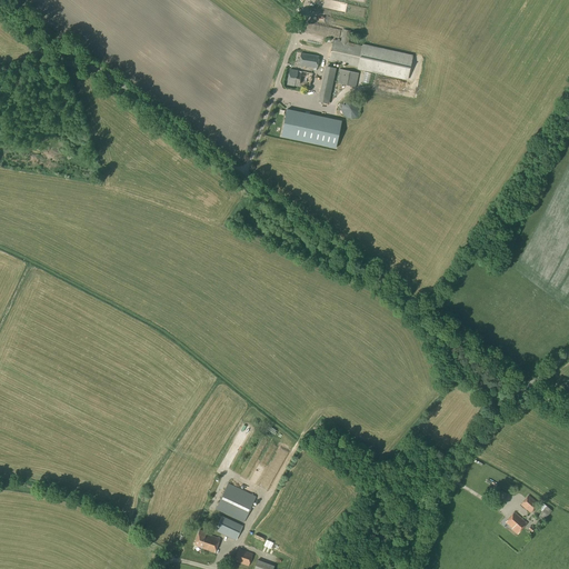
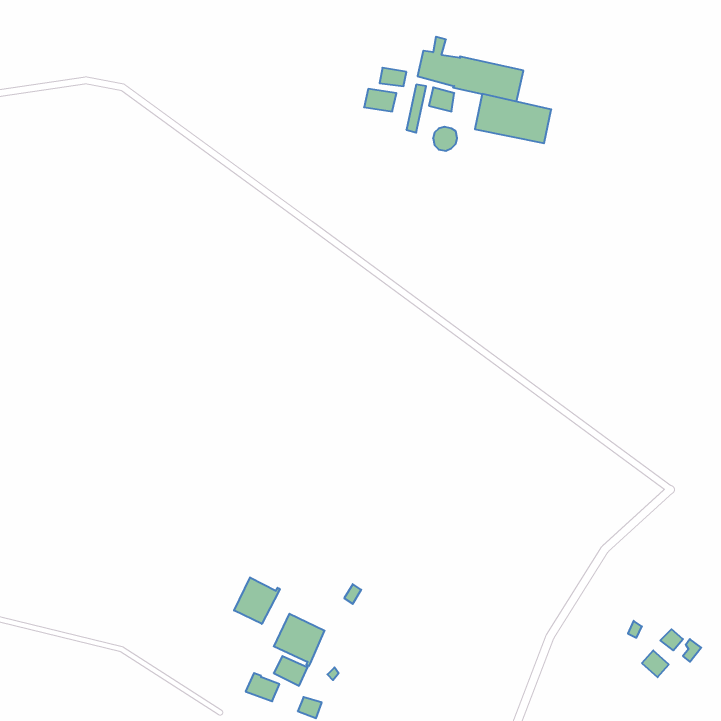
building: [281,109,341,148] -> [475,94,551,143]
building: none -> [234,577,280,624]

